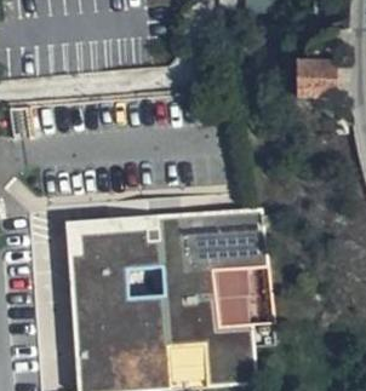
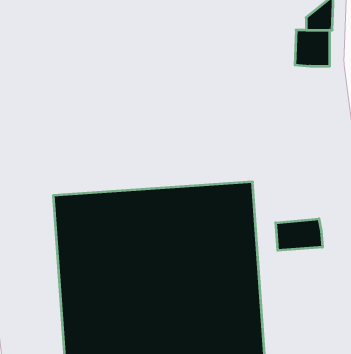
building: none -> [276,219,322,250]

